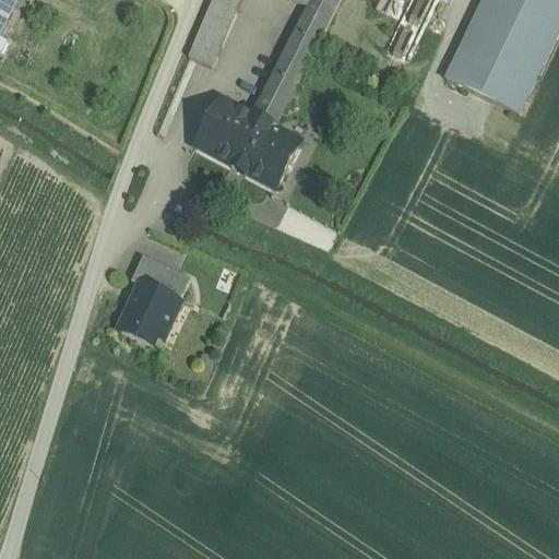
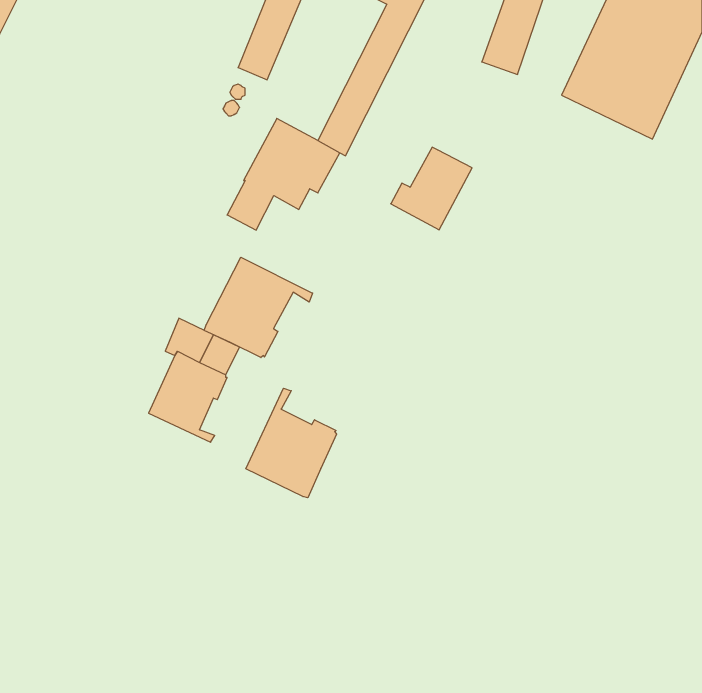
building: [237,121,301,187] -> [391,147,472,230]
building: none -> [204,257,313,358]
building: none -> [246,388,336,498]

